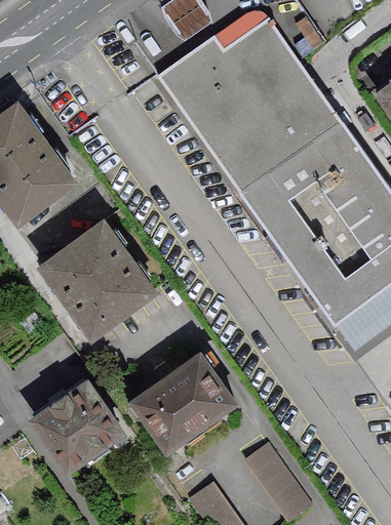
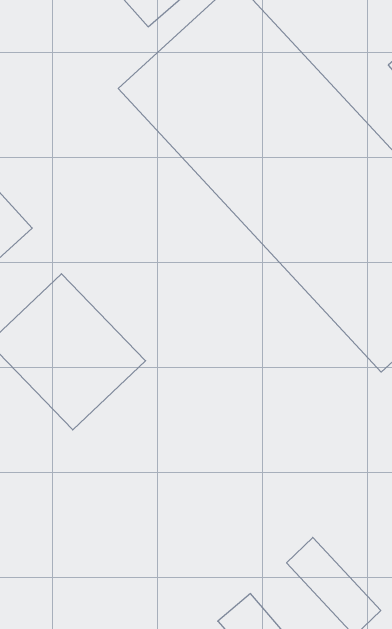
building: [130,353,239,456] -> none
building: [36,380,125,473] -> none

